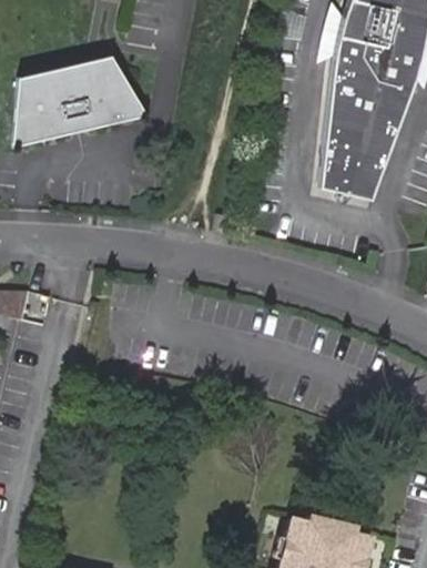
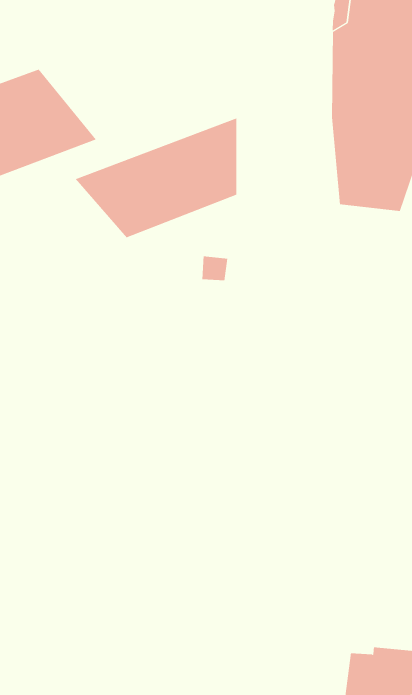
building: none -> [75,117,237,238]

